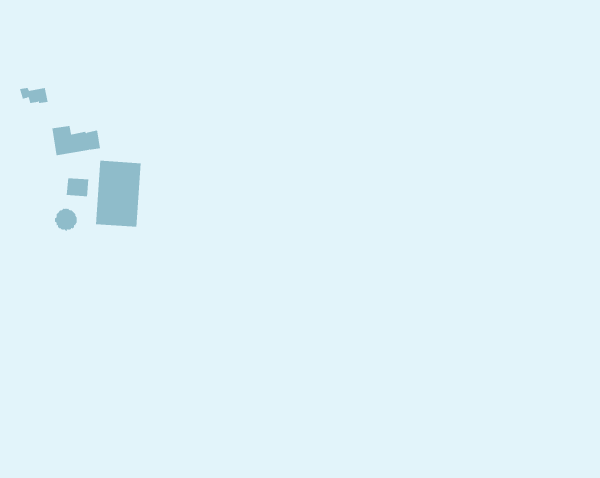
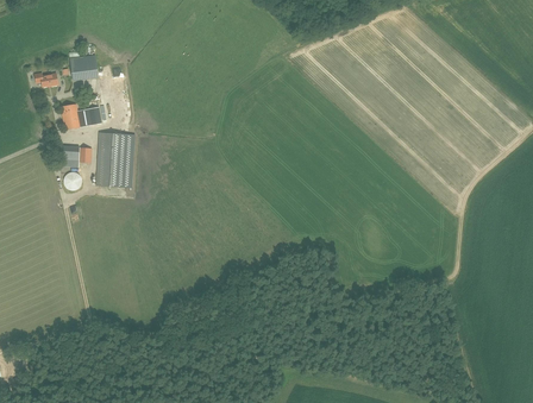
building: none -> [71,55,102,80]

